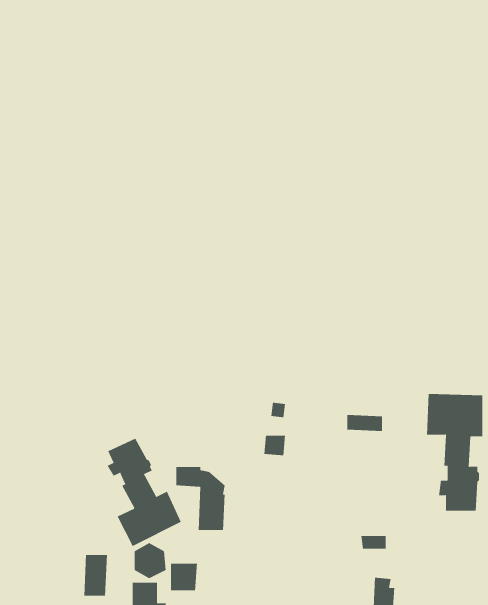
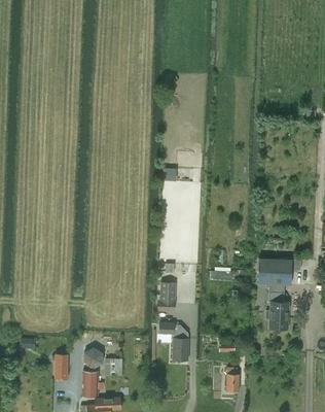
building: [107,438,181,547] -> none
building: [175,466,226,531] -> [158,321,188,359]

